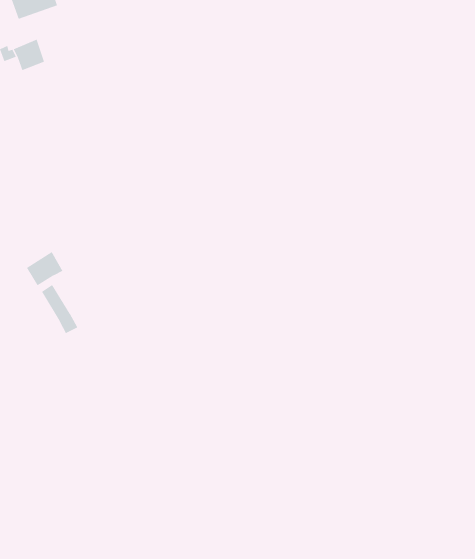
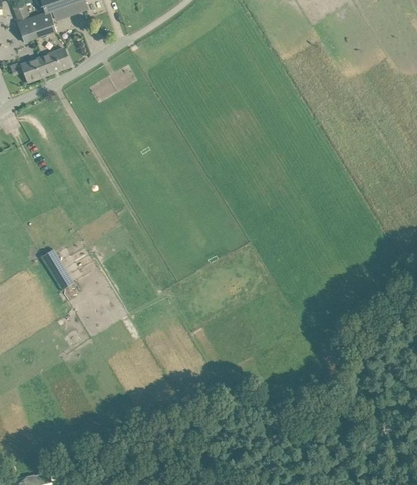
building: none -> [40,48,72,75]
building: [26,251,63,286] -> none

